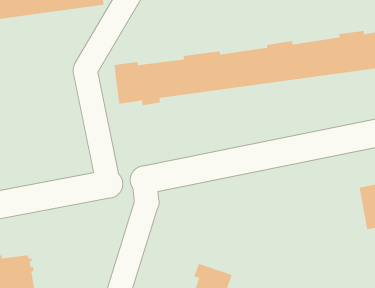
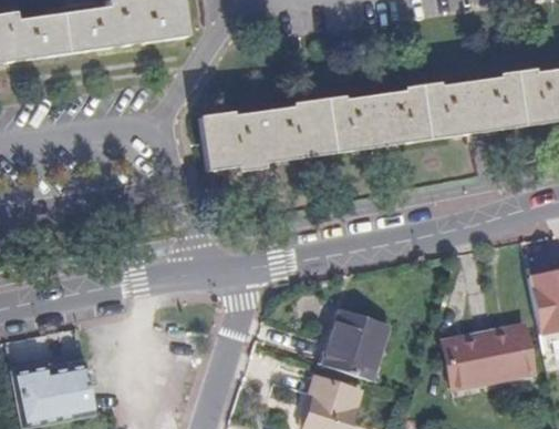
building: none -> [323,313,387,380]
building: none -> [441,327,532,388]

